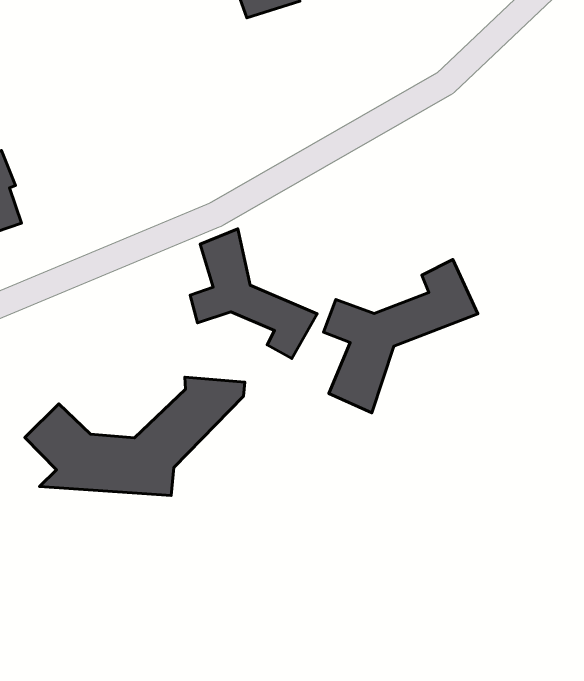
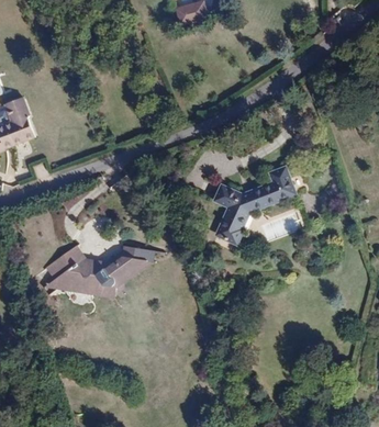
building: [190,229,317,359] -> none

